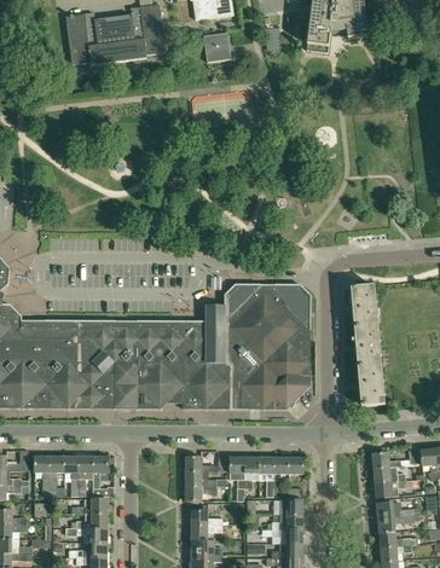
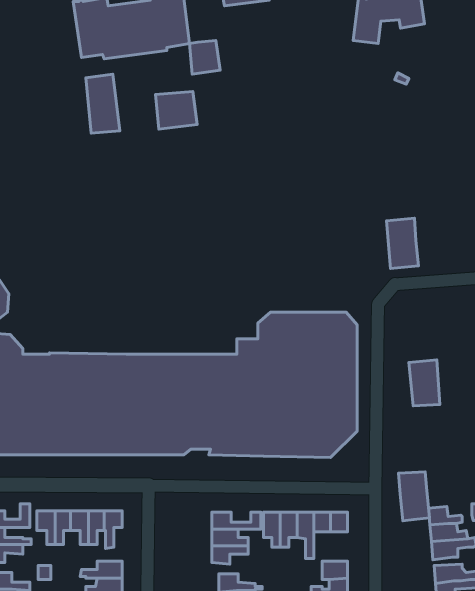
building: [204,33,231,62] -> [189,41,220,74]
building: none -> [86,74,120,133]
building: none -> [155,92,197,129]
building: [352,284,380,328] -> [386,218,419,269]
building: [359,364,386,406] -> [399,472,429,521]

